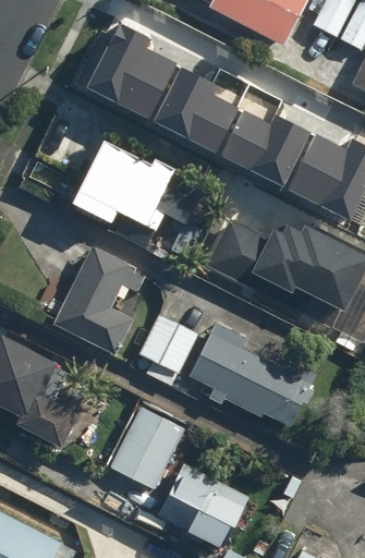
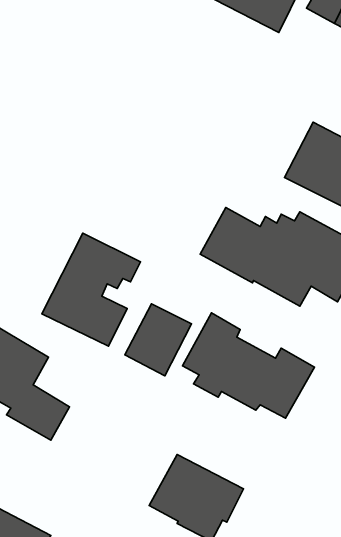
building: [88,22,177,118] -> none
building: [156,68,240,151] -> none
building: [223,111,313,186] -> none
building: [71,138,177,230] -> none
building: [109,404,186,489] -> none

